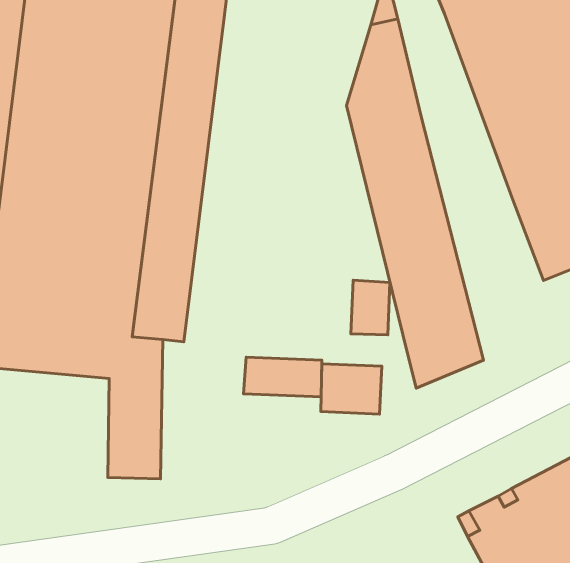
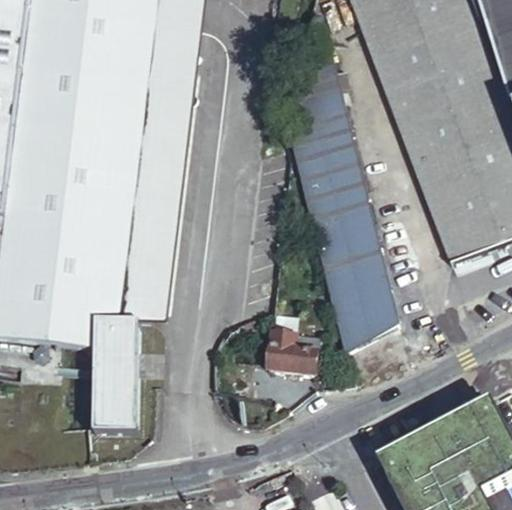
building: [351,280,390,335] -> none
building: [244,357,322,397] -> none

